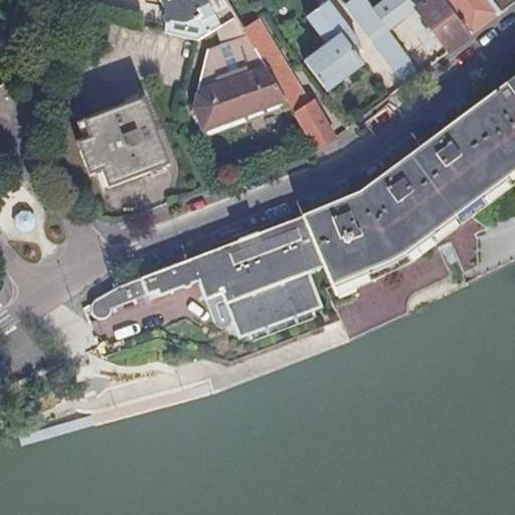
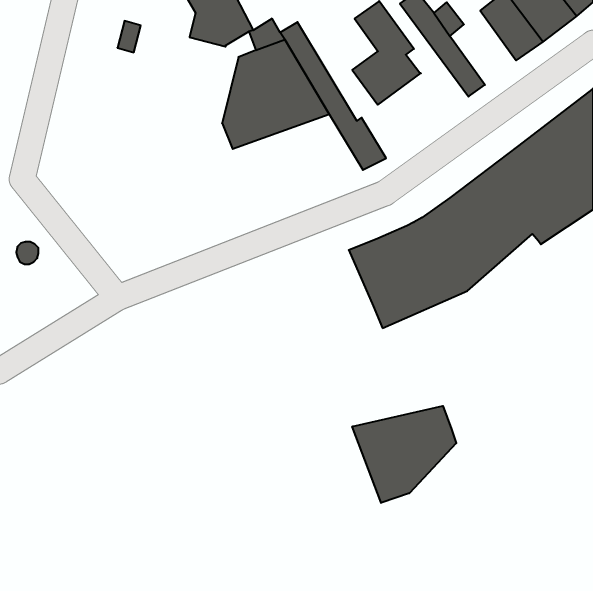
building: [76,97,169,186] -> none
building: [91,216,323,329] -> none
building: none -> [352,406,456,503]

